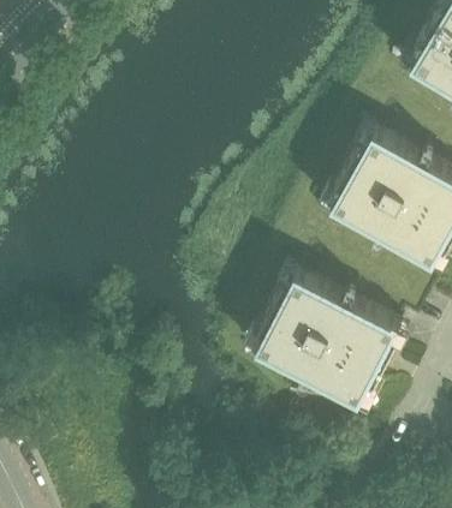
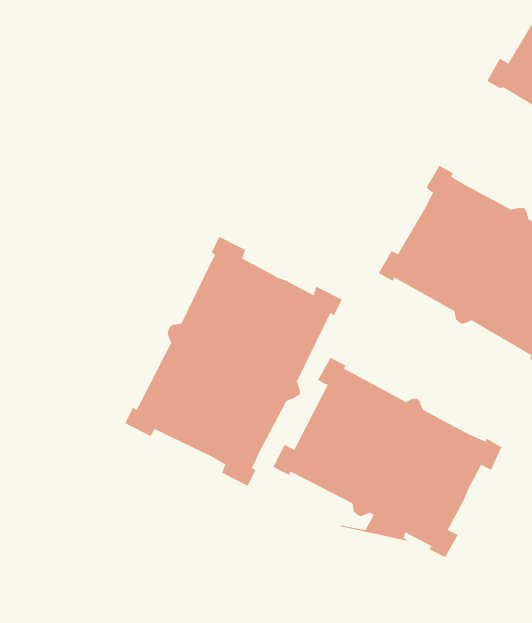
building: none -> [124,236,343,486]

